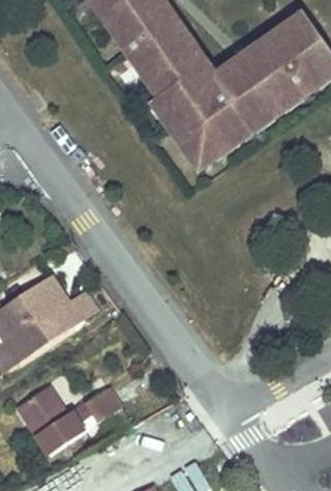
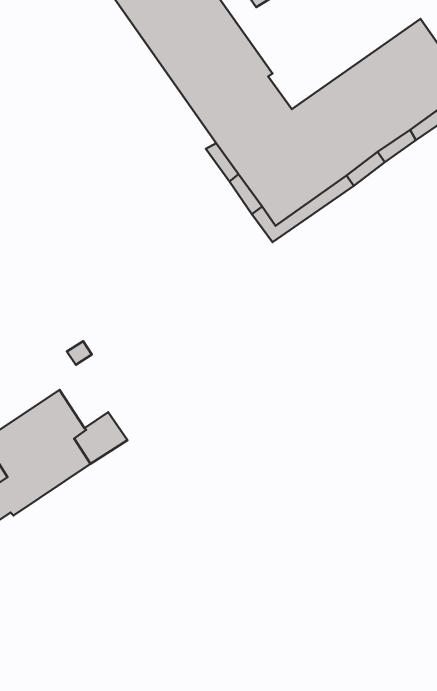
building: [16,385,131,457] -> none

